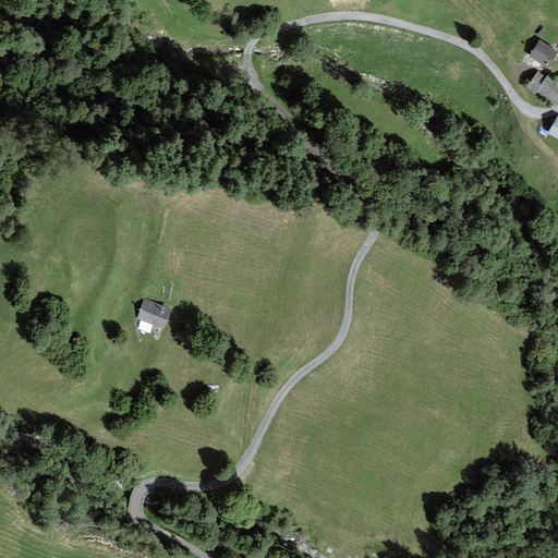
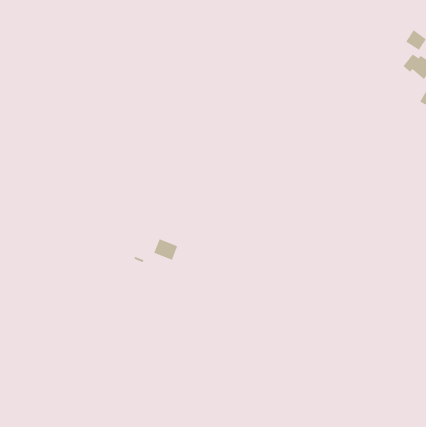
building: [137,299,170,328] -> [153,238,178,261]

